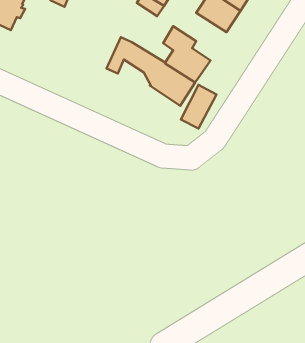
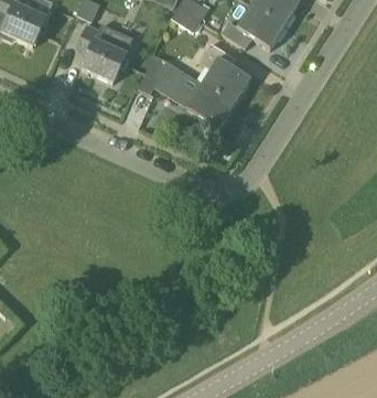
building: none -> [77,25,126,83]
building: [181,85,217,129] -> none

